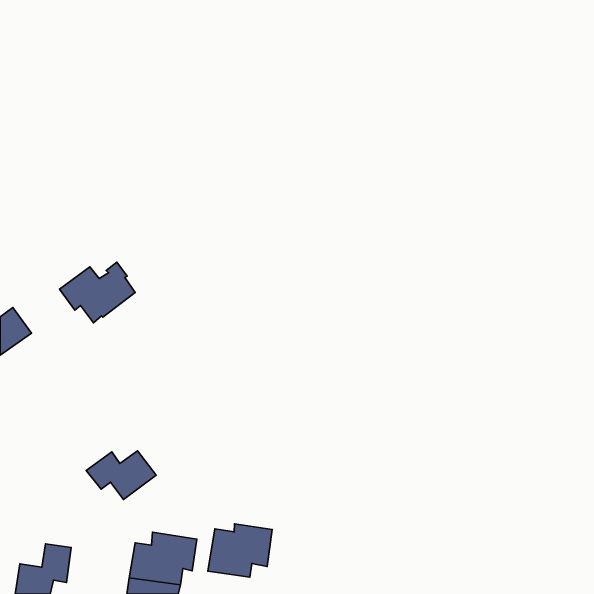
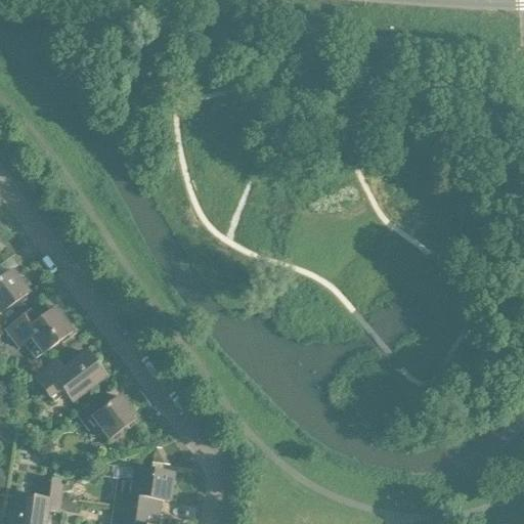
building: [60,262,135,323] -> [6,305,73,358]
building: none -> [35,351,106,402]
building: [208,524,272,577] -> none

